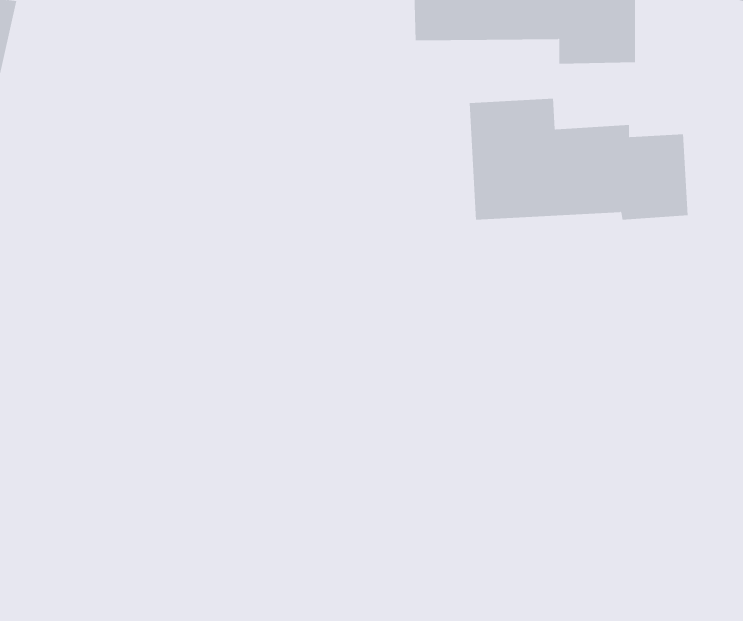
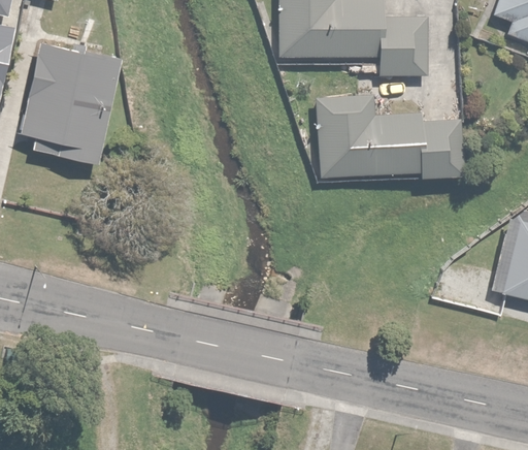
building: none -> [18,40,121,164]

